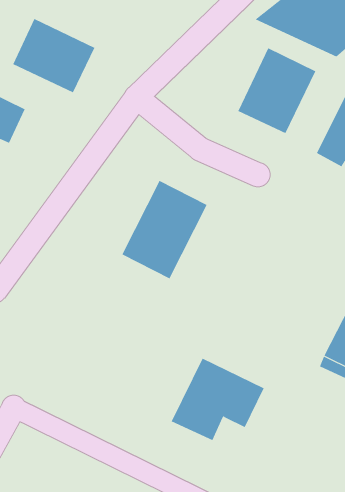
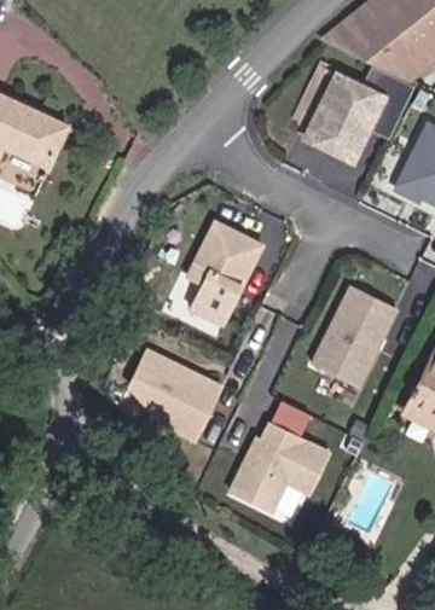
building: [13,18,95,93] -> none
building: none -> [312,283,401,385]
building: none -> [120,345,226,438]

